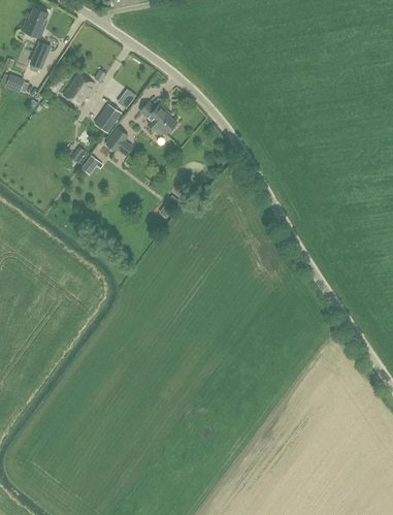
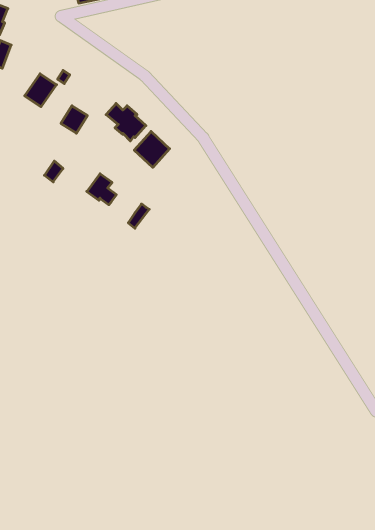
building: [105,126,133,155] -> [87,174,116,205]
building: none -> [134,131,170,167]

